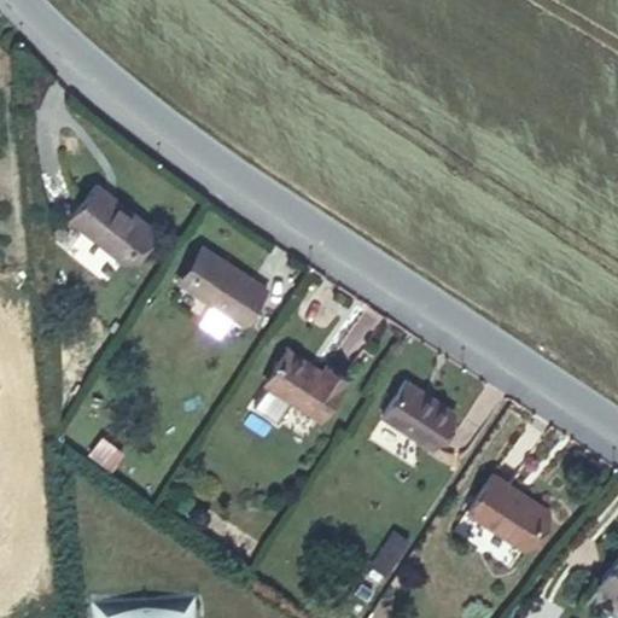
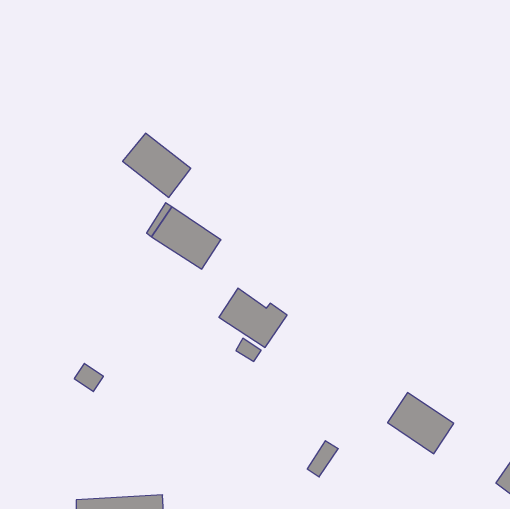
building: [71,187,153,264] -> [123,133,191,197]
building: [384,384,456,450] -> none

